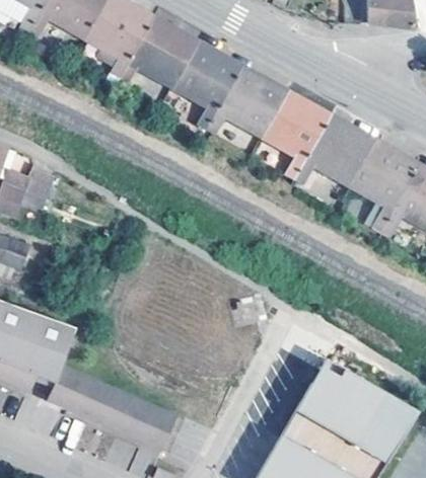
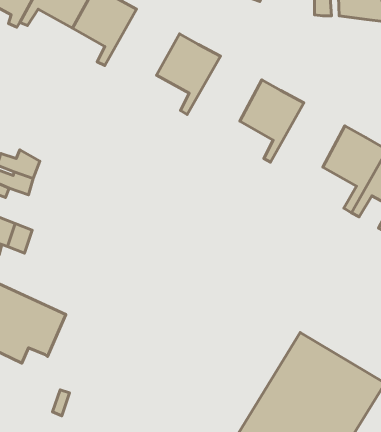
building: [120,16,199,86] -> none
building: [207,66,286,135] -> none
building: [295,115,374,183] -> none
building: [49,368,178,450] -> none

